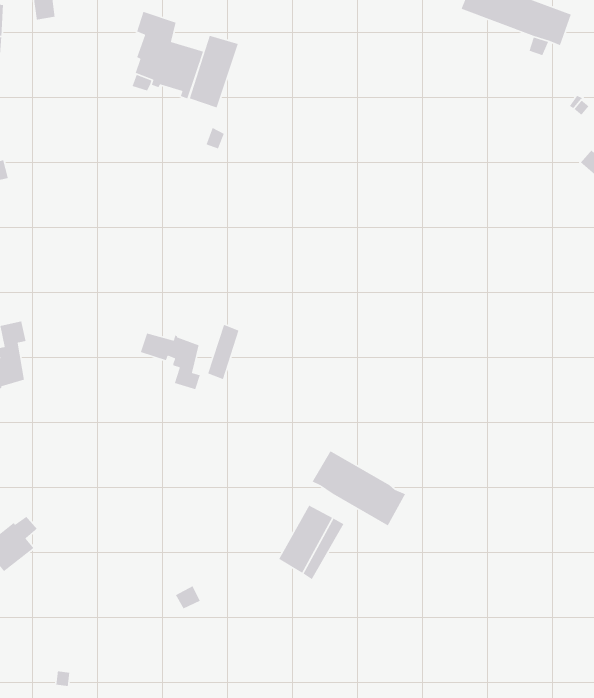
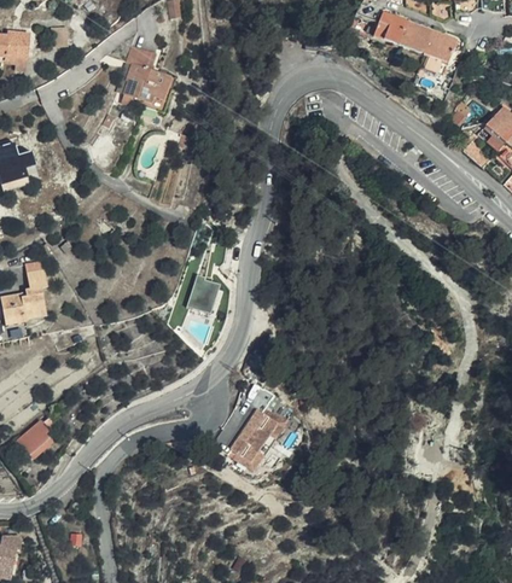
building: [189,35,239,109] -> none
building: [140,333,201,390] -> none
building: [311,450,406,526] -> none

